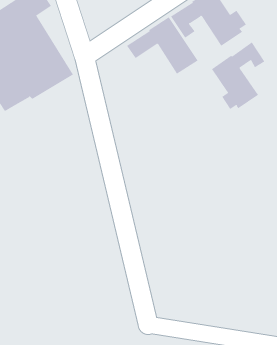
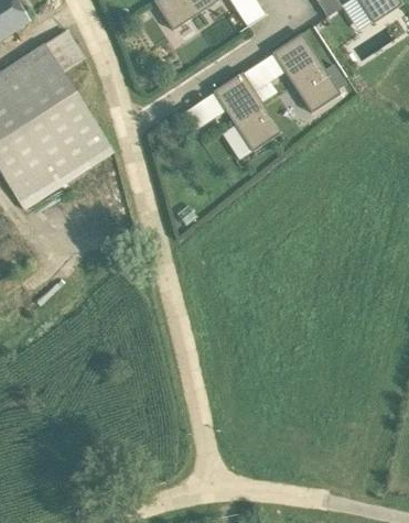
building: [211,42,265,110] -> none

